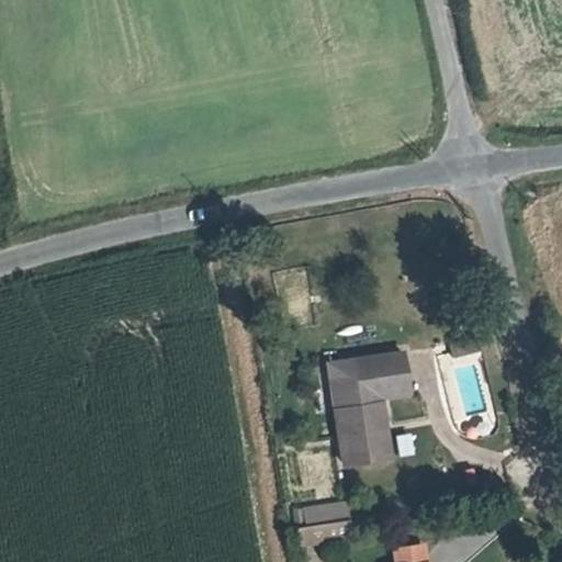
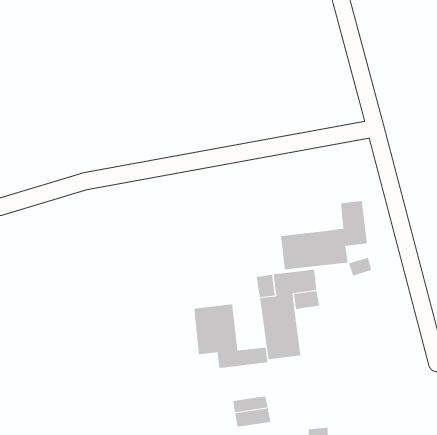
building: none -> [281,200,367,270]
building: none -> [194,303,268,369]

